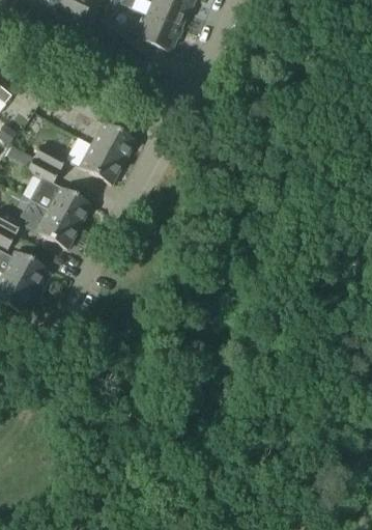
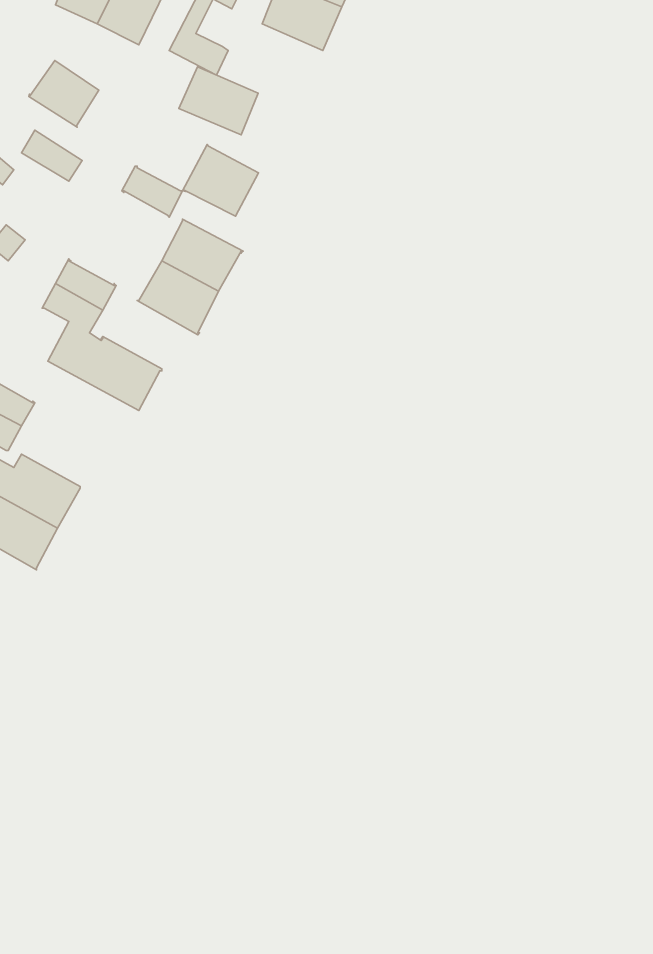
building: [136,13,179,51] -> [179,67,258,135]
building: none -> [29,60,99,127]
building: none -> [183,145,259,216]
building: [20,198,79,248] -> none

